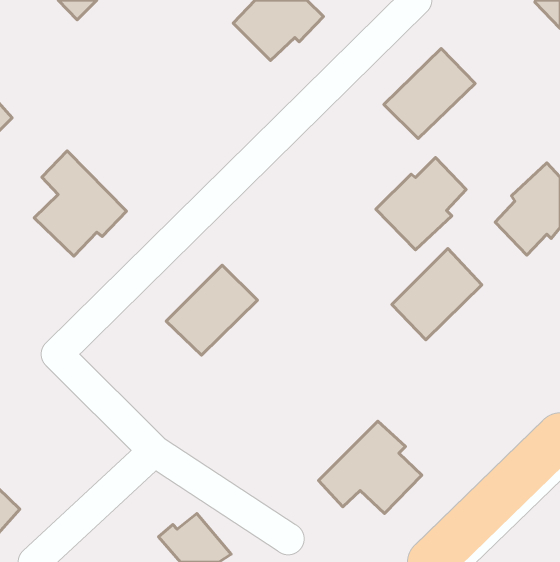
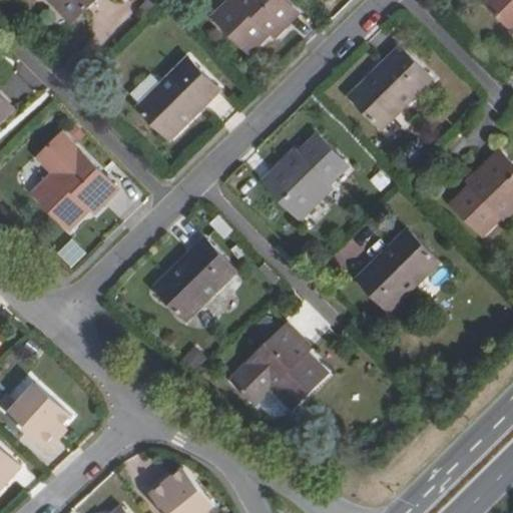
building: none -> [137,56,218,139]
building: [376,158,466,250] -> [263,135,345,219]
building: none -> [8,380,71,447]
building: [318,421,422,514] -> [232,327,327,411]

